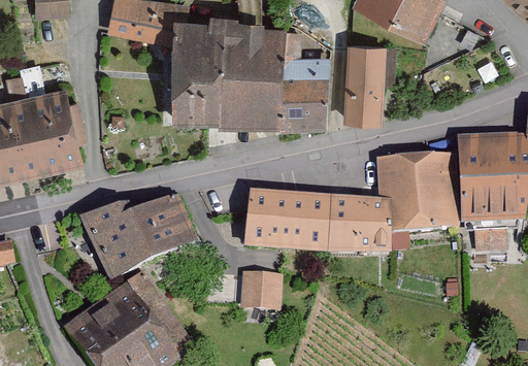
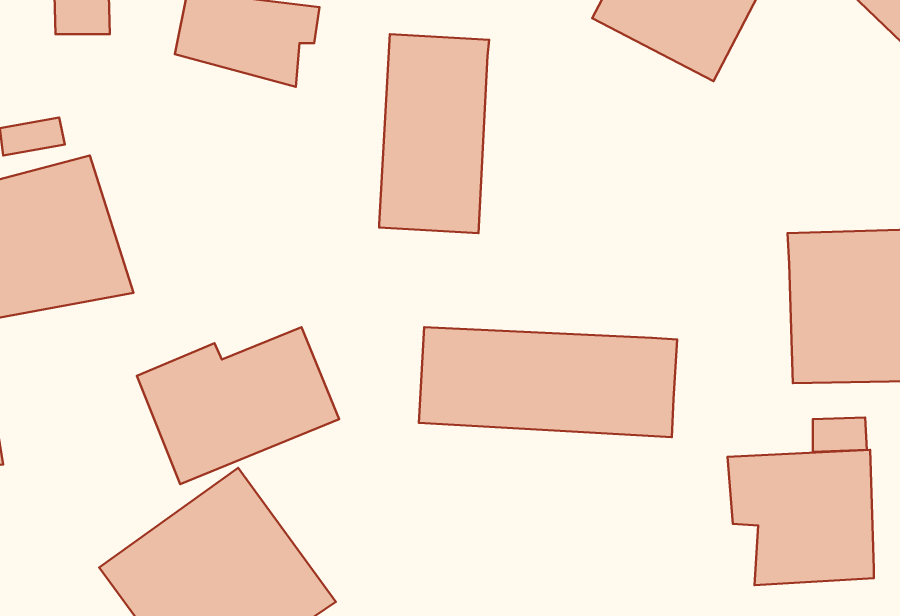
building: [173,14,230,129] -> none
building: [280,32,332,134] -> none
building: [342,46,386,127] -> none
building: [376,152,460,229] -> [727,450,874,585]
building: [238,279,277,317] -> none

